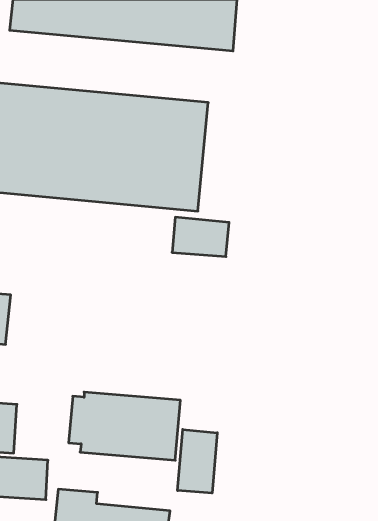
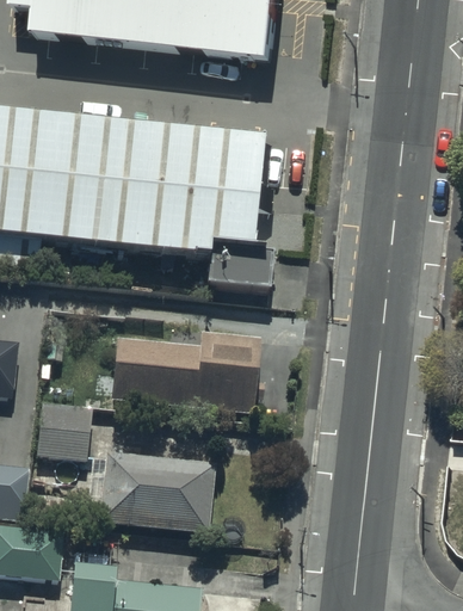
building: none -> [111,331,265,413]
building: none -> [38,407,92,463]
building: [178,429,217,493] -> none

